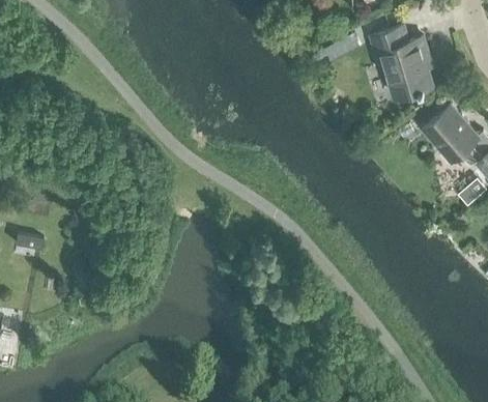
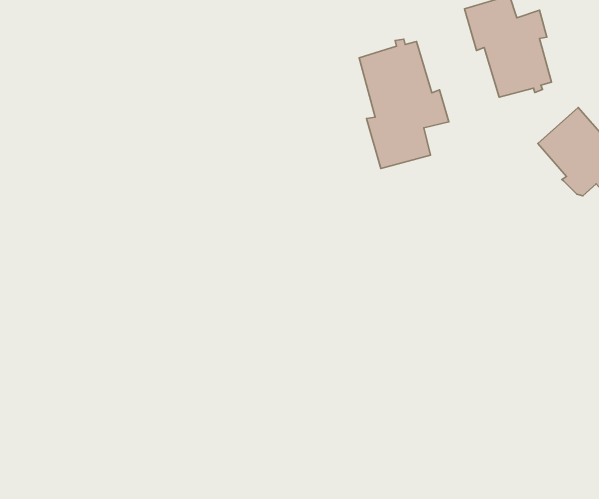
building: none -> [359,39,449,169]

